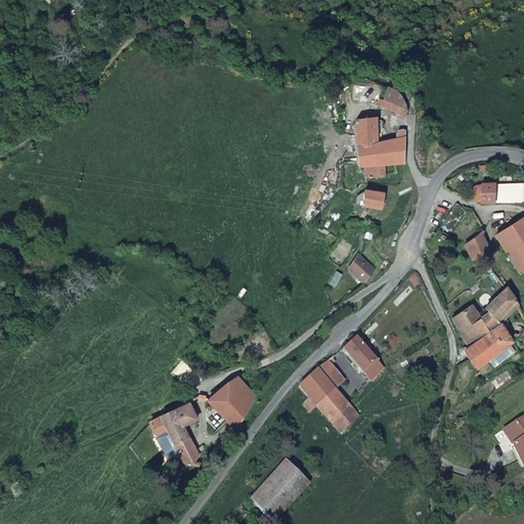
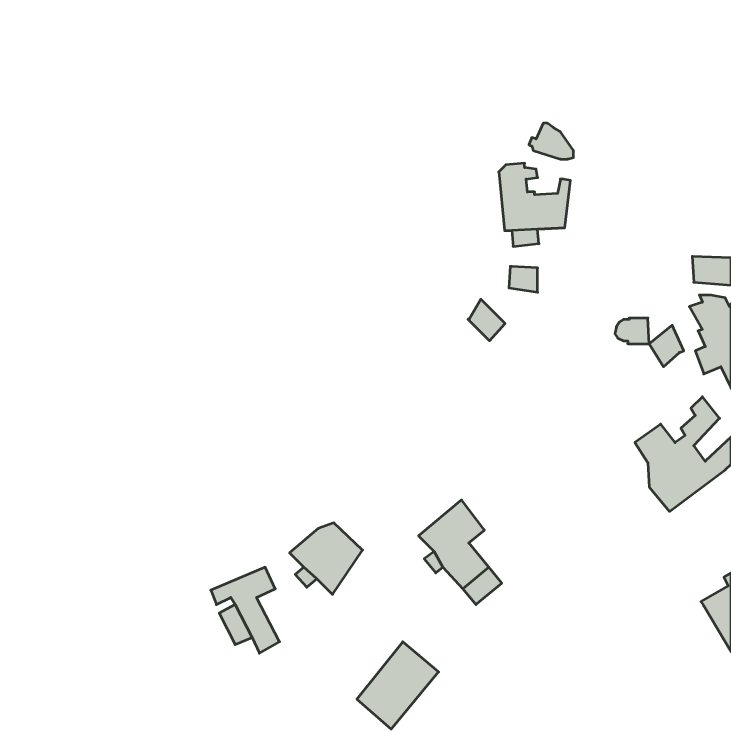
building: [471,183,495,202] -> [615,318,649,344]
building: [351,251,378,280] -> [468,299,505,341]
building: [342,334,385,377] -> none

